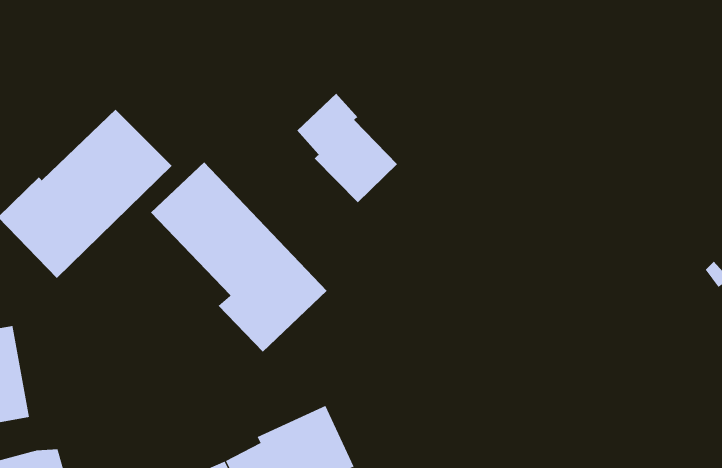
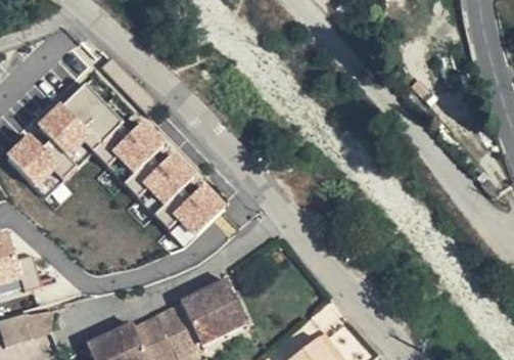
building: [297,93,398,203] -> none

